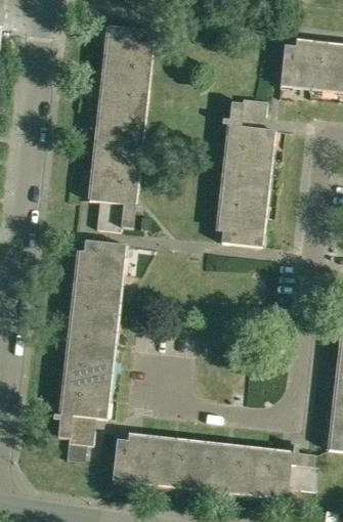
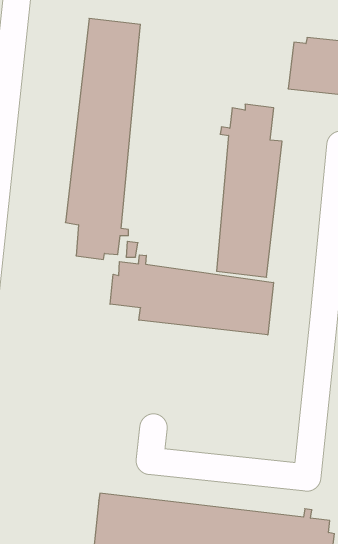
building: none -> [110,255,273,335]
building: [53,238,126,462] -> none

